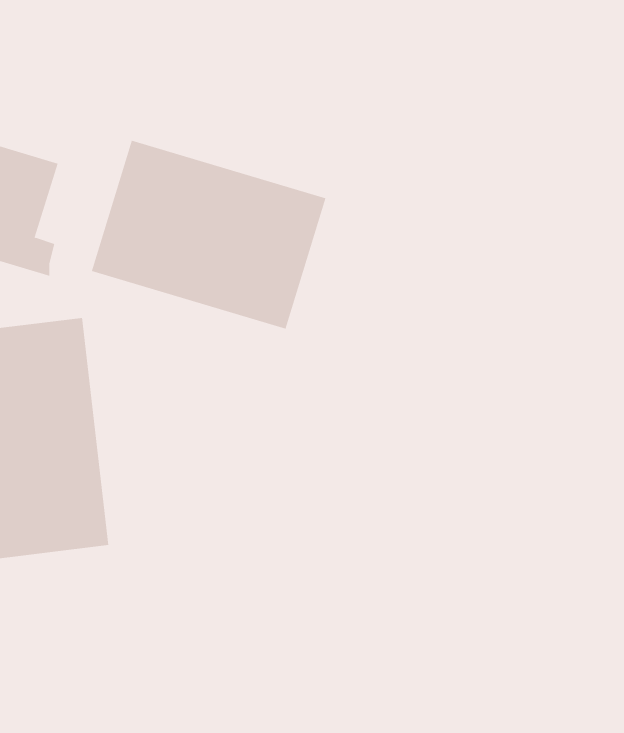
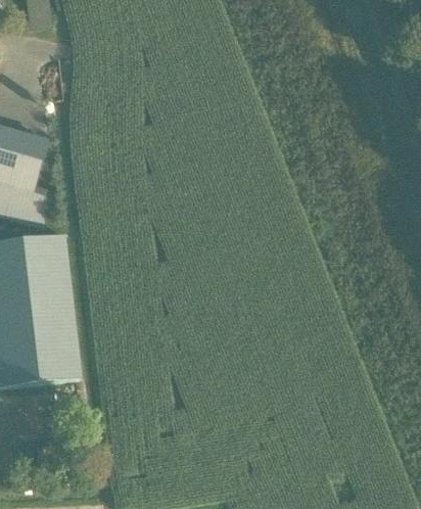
building: [91,140,326,330] -> none

